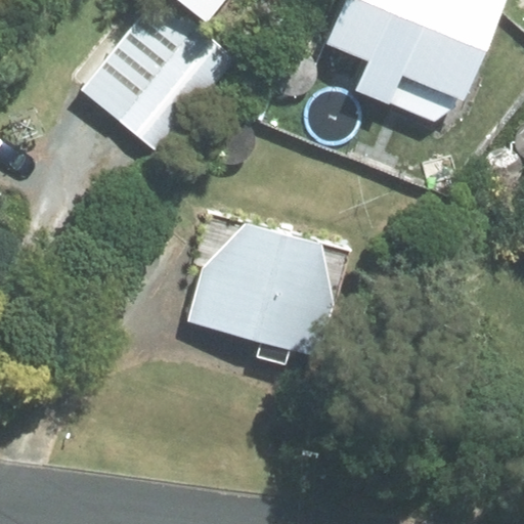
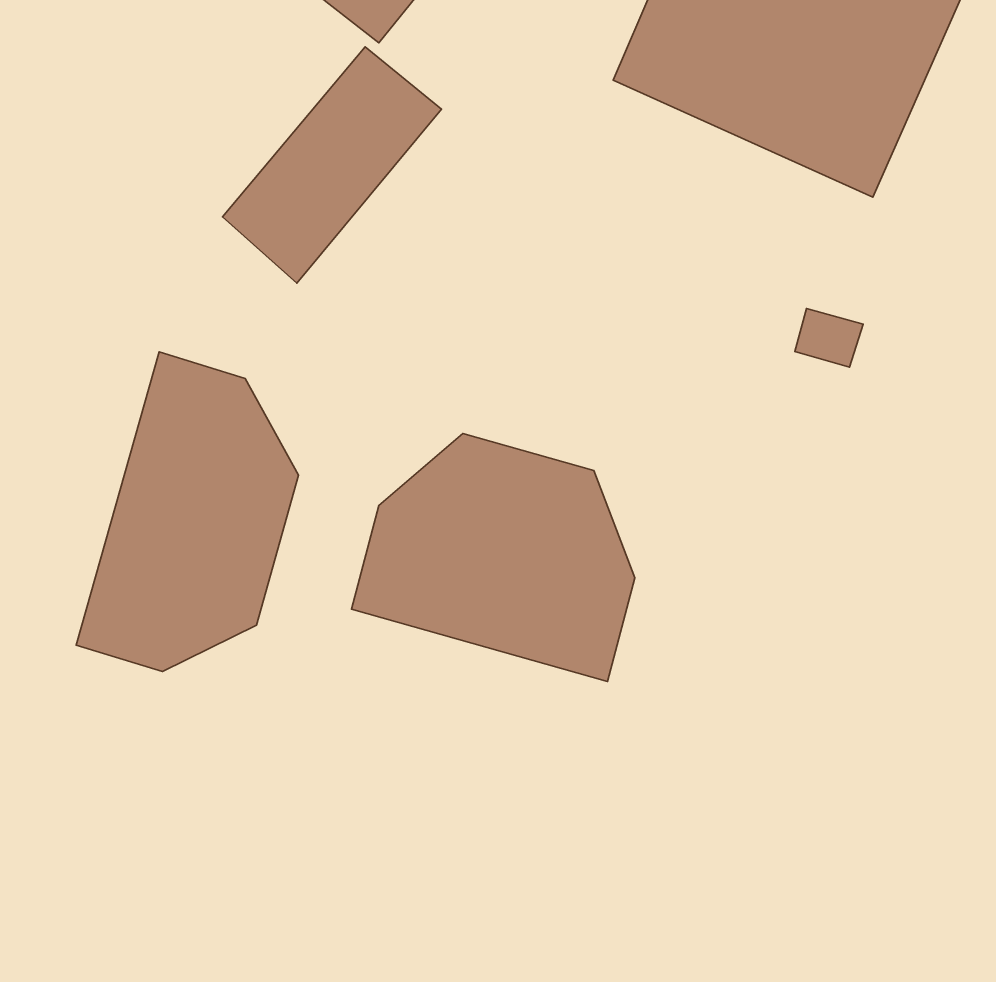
building: none -> [76,352,299,672]

